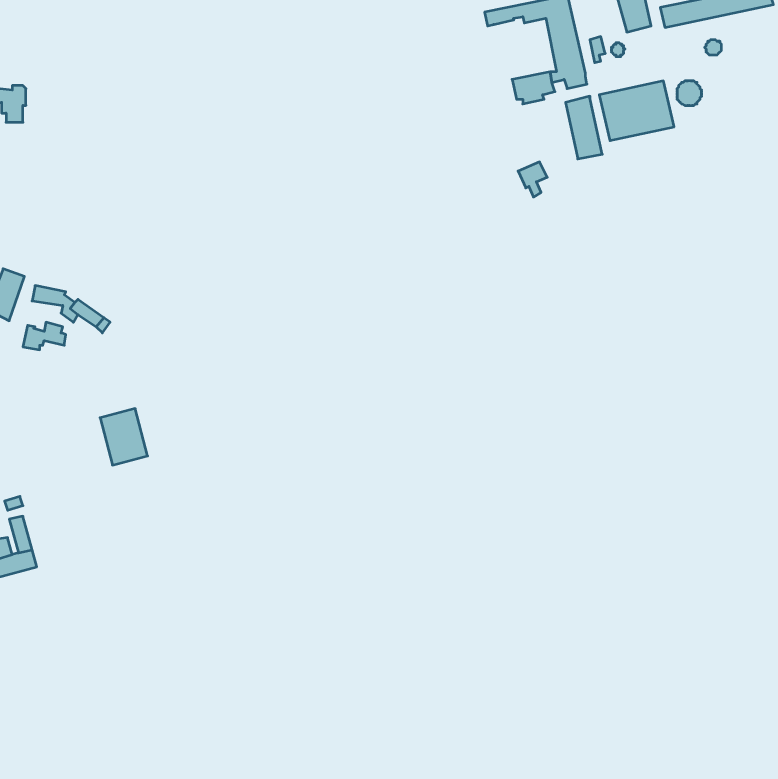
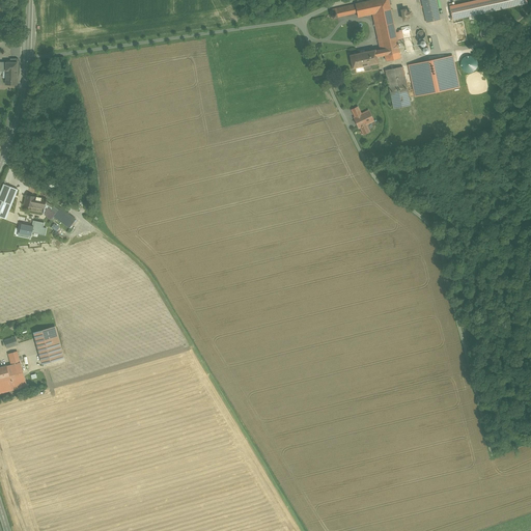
building: [100,409,148,465] -> [31,326,63,364]

